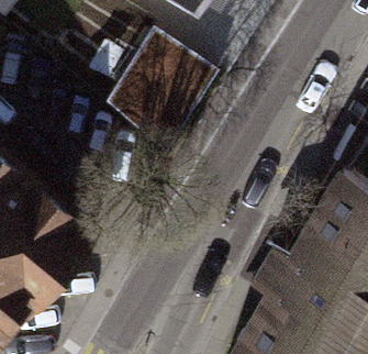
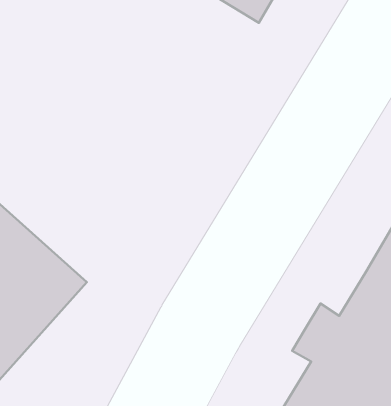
building: [109,29,212,133] -> none

